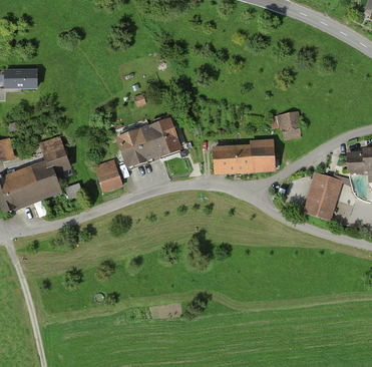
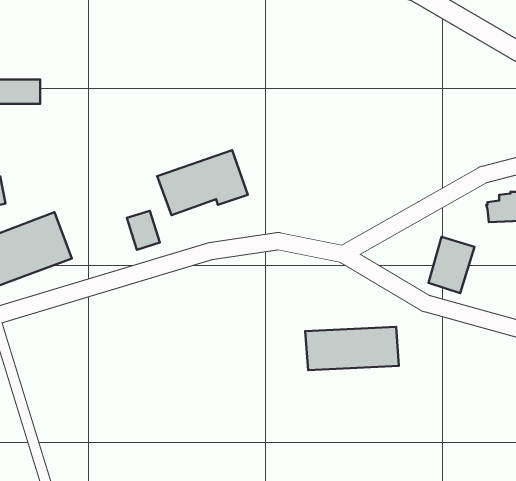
building: [273,109,303,136] -> none
building: [42,136,70,173] -> none
building: [212,145,277,175] -> [305,327,399,370]

